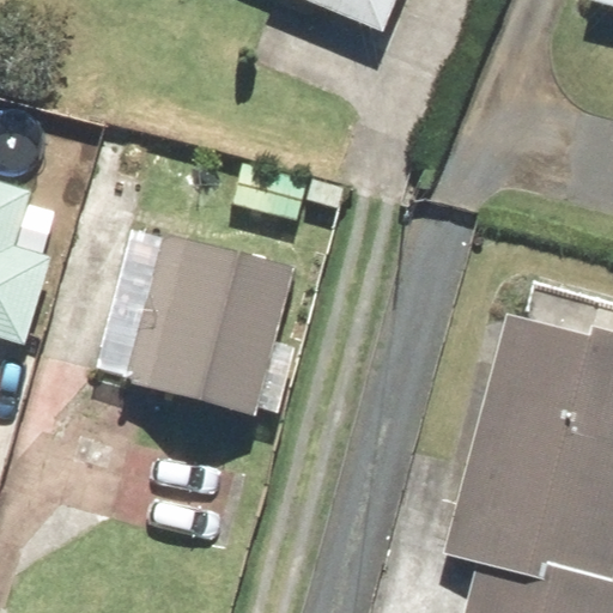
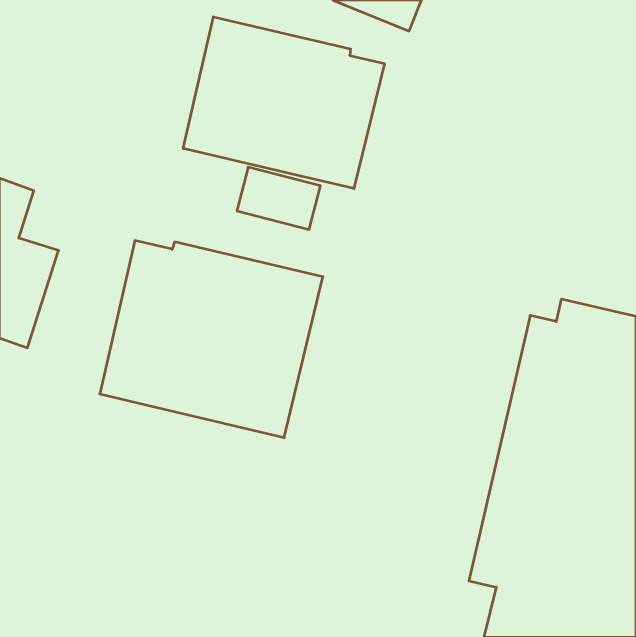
building: none -> [183,17,384,189]

